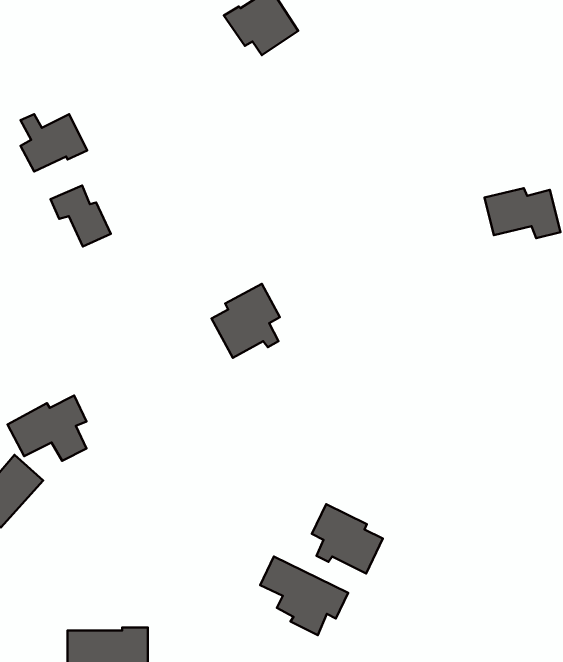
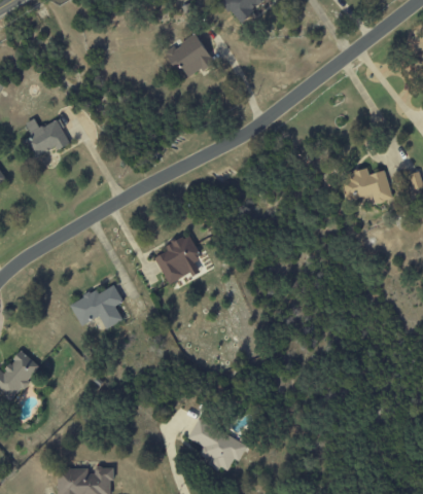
building: [51,186,111,246] -> none
building: [8,396,86,461] -> [69,284,122,328]
building: [312,504,383,573] -> none

